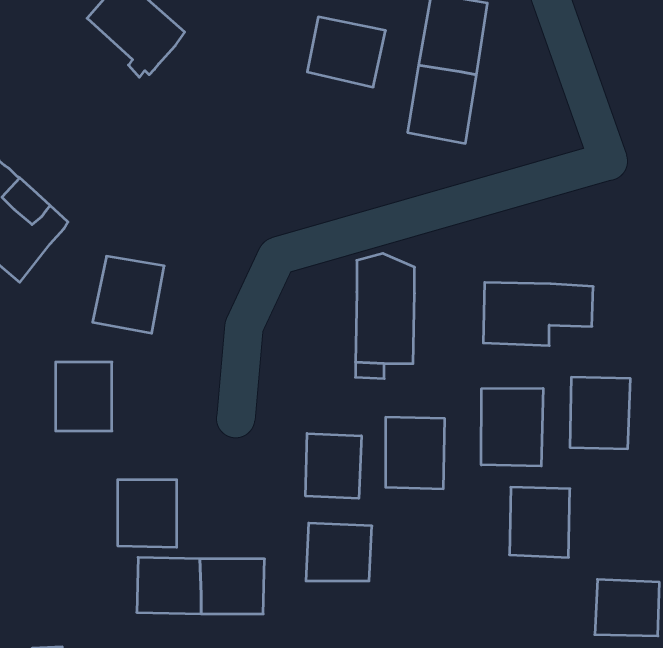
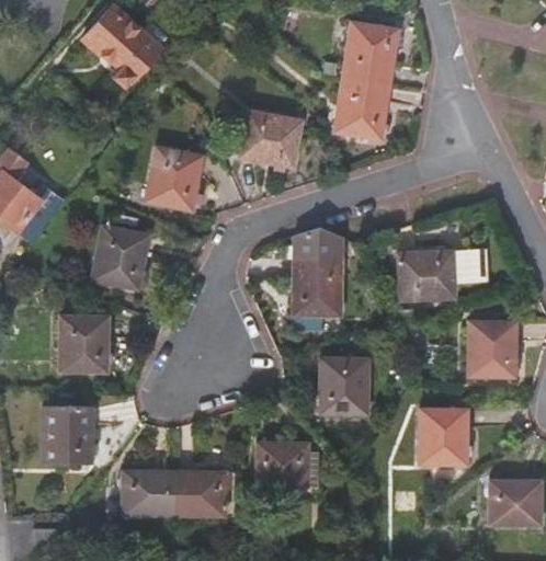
building: [307,17,386,87] -> [242,110,305,165]
building: none -> [143,145,203,209]
building: [481,388,543,466] -> none
building: [306,433,361,498] -> none
building: [118,480,177,547] -> [41,407,88,460]

